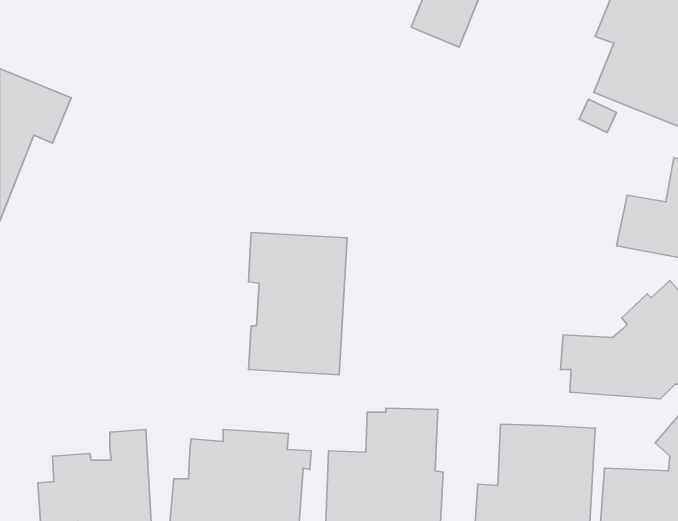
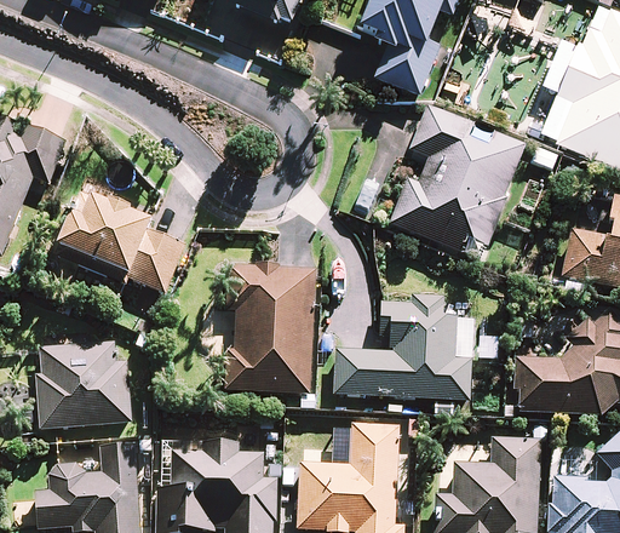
building: none -> [390,105,524,258]
building: none -> [57,191,184,293]
building: none -> [333,296,470,400]
building: none -> [36,342,131,429]

